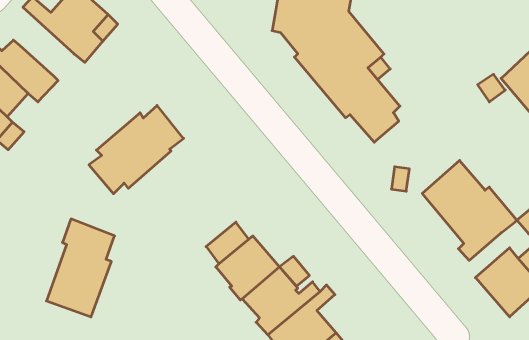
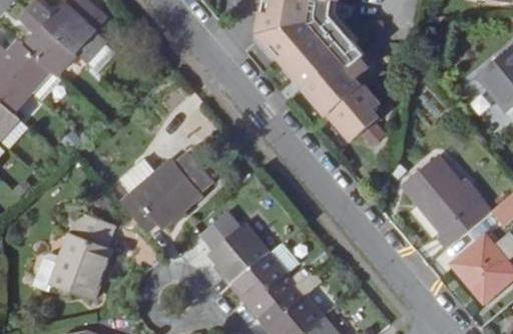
building: none -> [17,10,74,75]
building: [89,105,184,194] -> [123,152,212,236]

